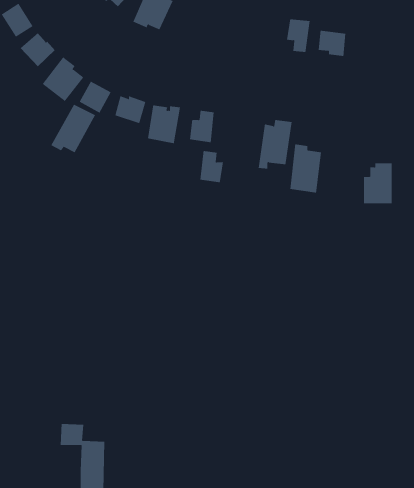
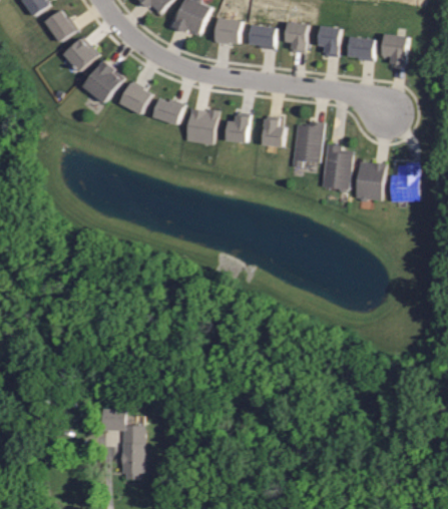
building: none -> [214,17,242,44]
building: none -> [285,21,308,52]
building: none -> [249,25,277,50]
building: none -> [381,33,408,64]
building: [50,104,96,153] -> none
building: [200,150,224,183] -> [263,115,286,146]
building: none -> [356,161,385,201]

